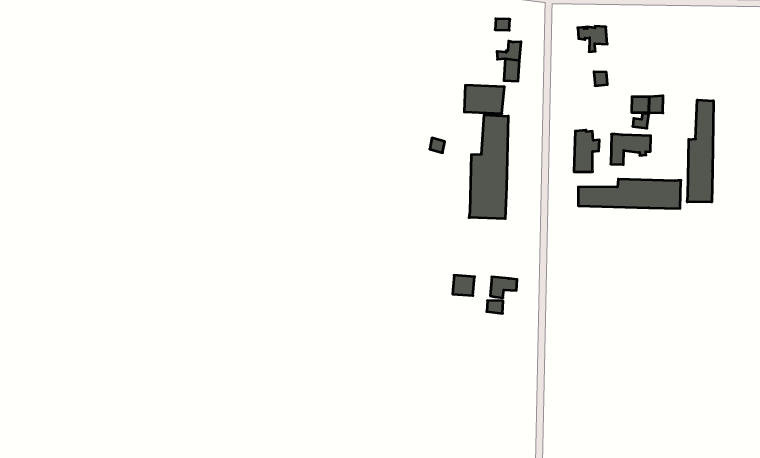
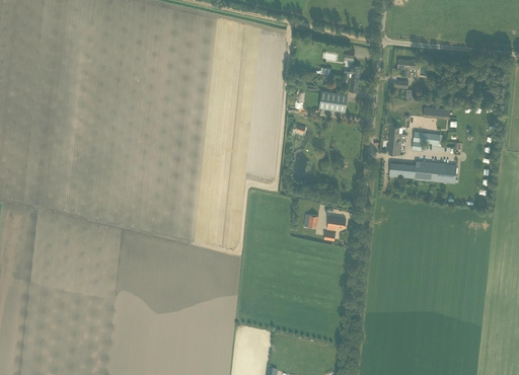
building: [687,100,713,202] -> none
building: [469,115,508,219] -> none

